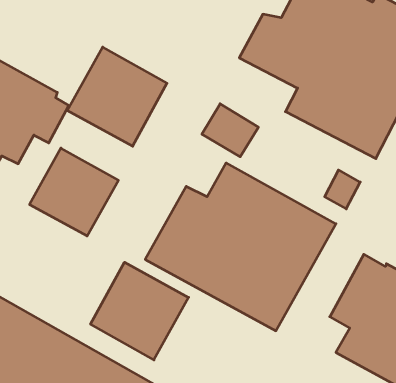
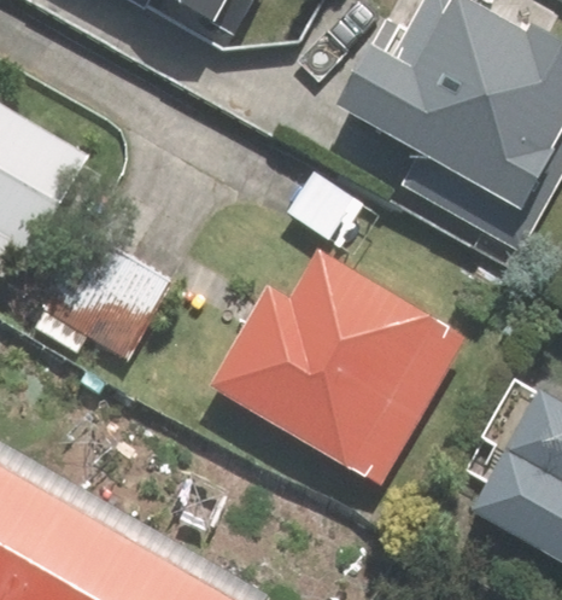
building: [67,47,167,146] -> none
building: [91,262,189,360] -> none

